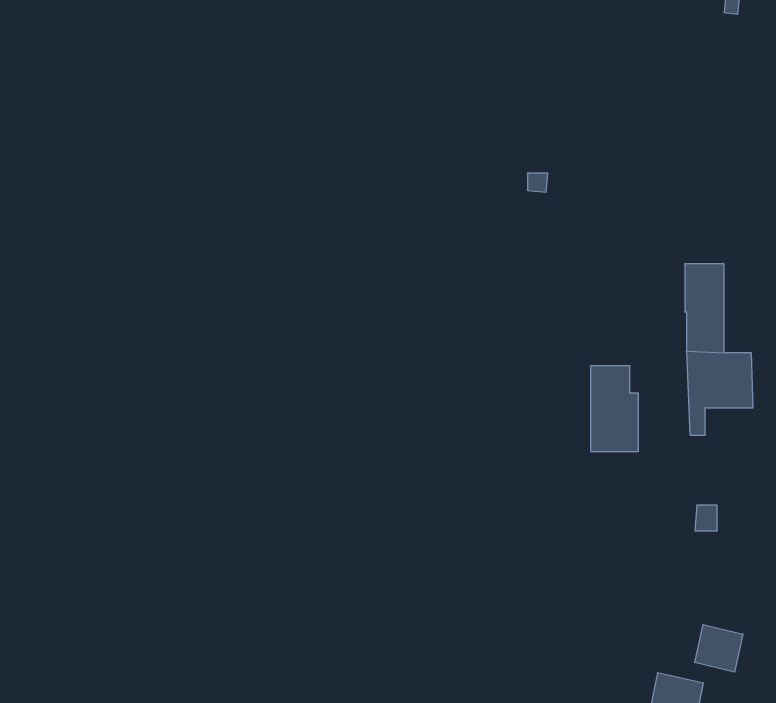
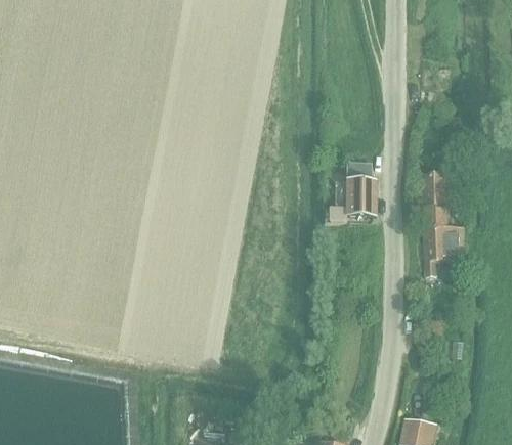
building: [591,366,638,451] -> [346,162,375,213]
building: [695,624,743,672] -> none

